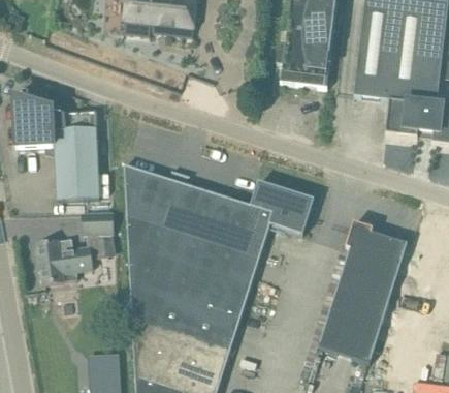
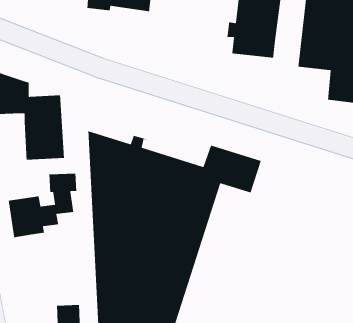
building: [318,221,407,363] -> none

